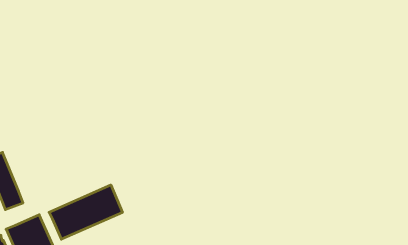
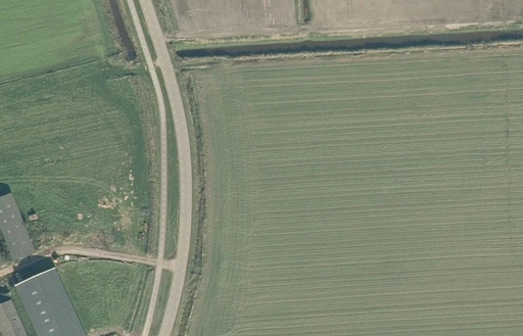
building: [49,185,122,239] -> none

